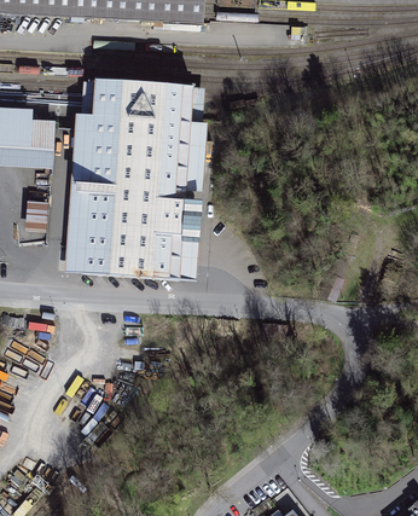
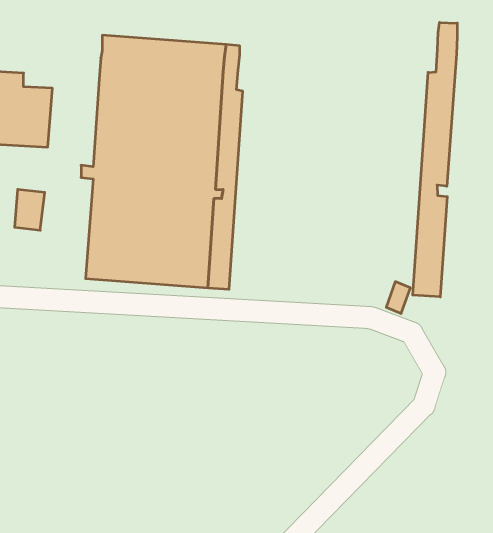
building: none -> [413,22,457,297]
building: [64,111,92,272] -> none

